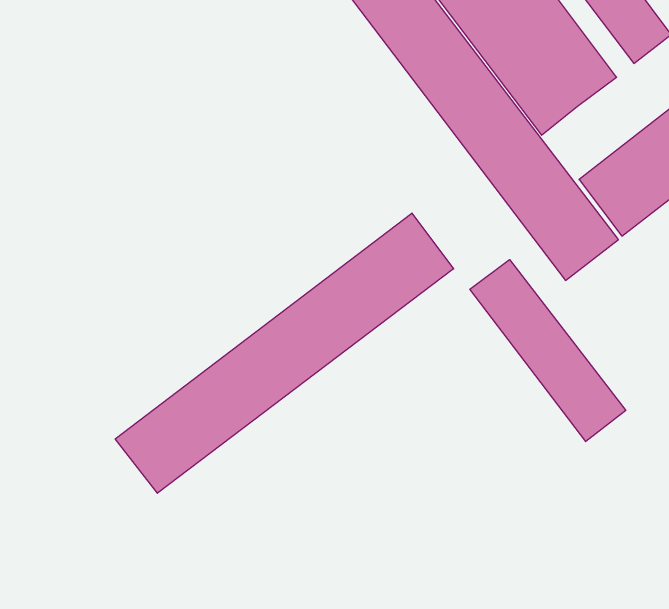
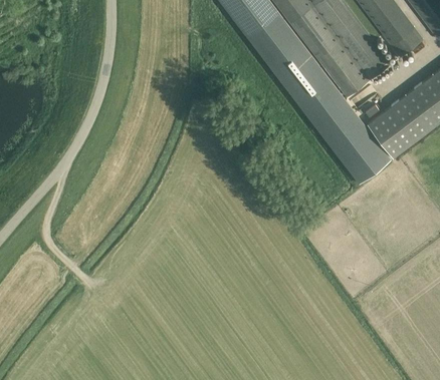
building: [115,213,454,493] -> none
building: [470,260,626,442] -> none

